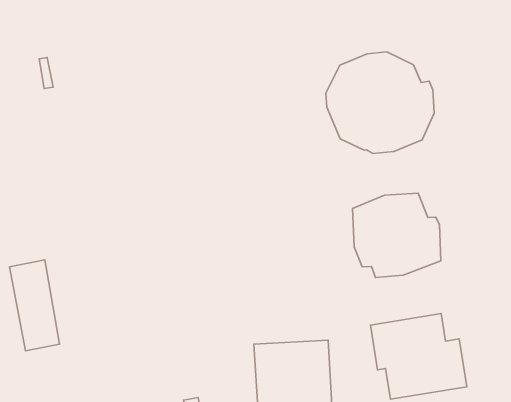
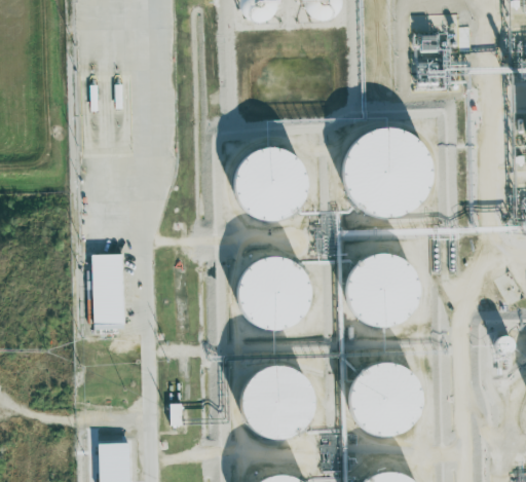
building: none -> [229,145,313,222]
building: none -> [236,256,312,329]
building: [10,260,60,351] -> [95,253,127,330]

